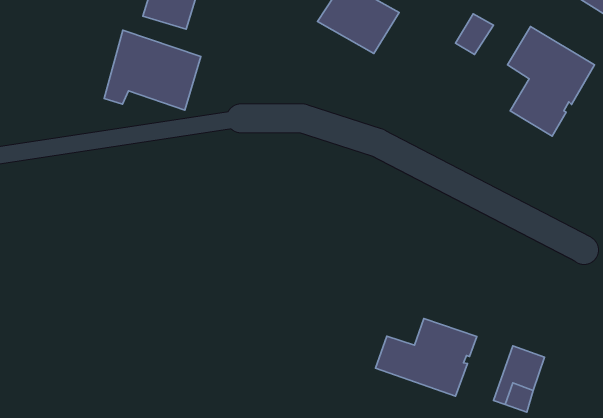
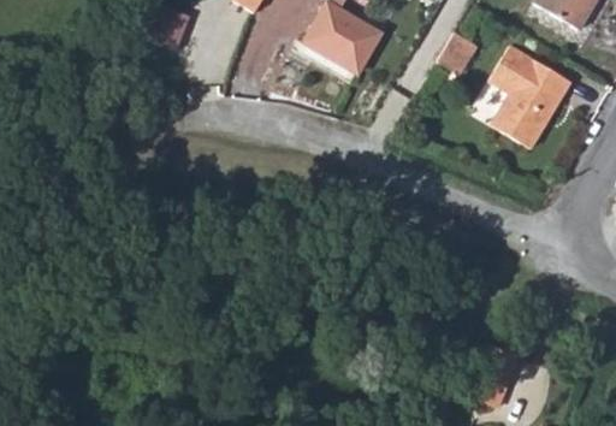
building: [104,30,201,110] -> none
building: [376,318,477,396] -> none

